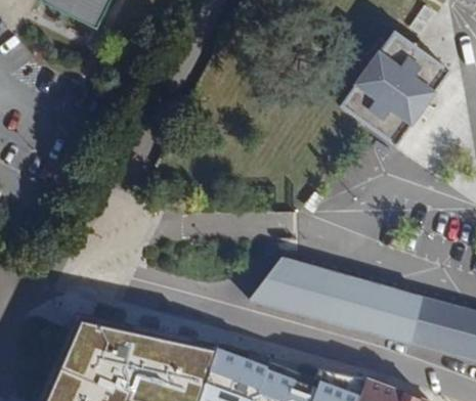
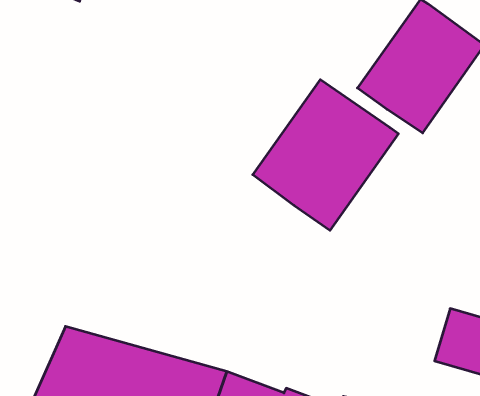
building: none -> [253,80,398,230]
building: [249,257,420,342] -> none

